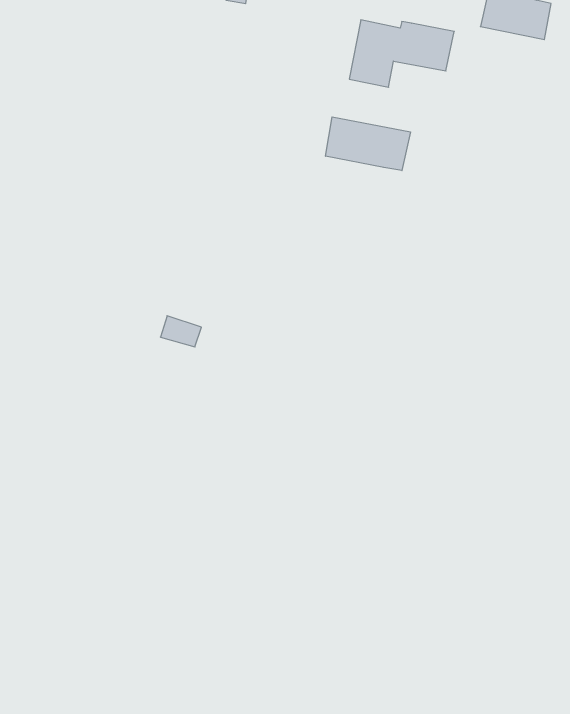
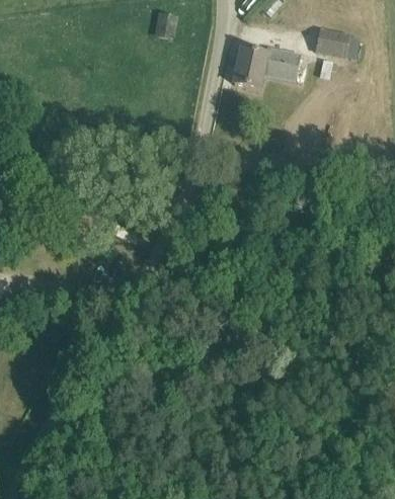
building: [326,117,410,171] -> none

